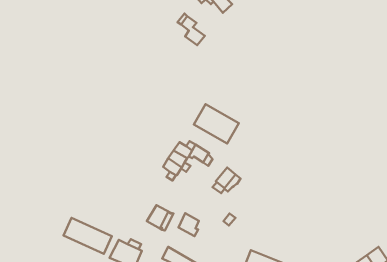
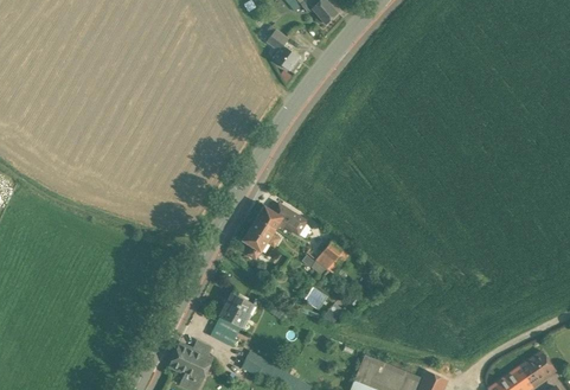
building: [194,104,239,144] -> none
building: [178,213,199,236] -> [211,315,239,347]
building: [63,218,112,254] -> none

